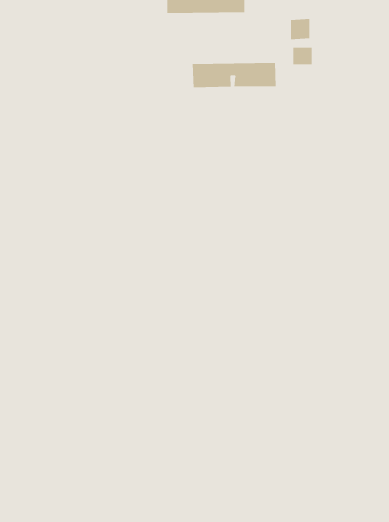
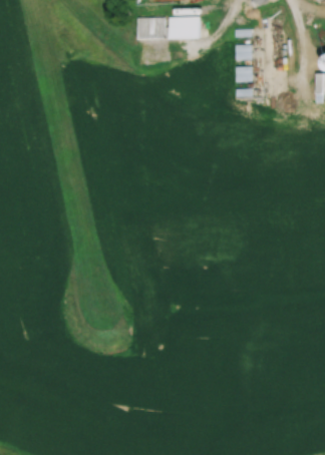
building: [192,62,276,88] -> none

